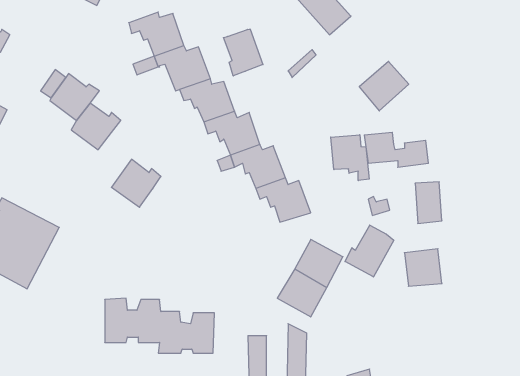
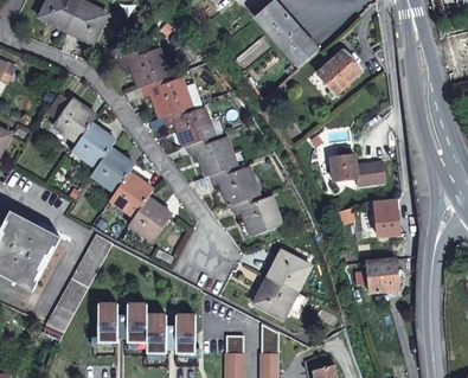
building: [223,29,263,76] -> none
building: [359,61,409,111] -> [316,51,360,95]
building: none -> [88,155,130,196]
building: [331,135,369,181] -> none
building: none -> [126,205,168,246]
building: [345,225,394,277] -> none
building: none -> [46,238,111,335]

